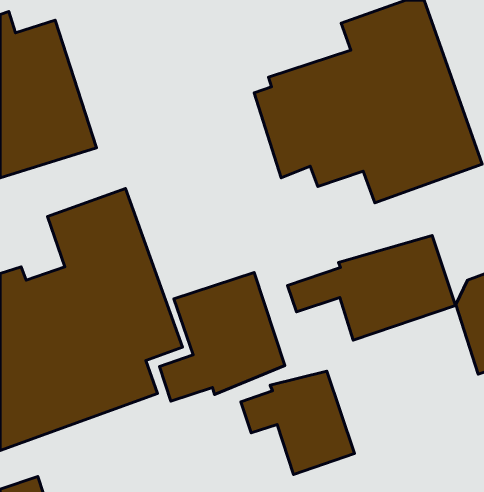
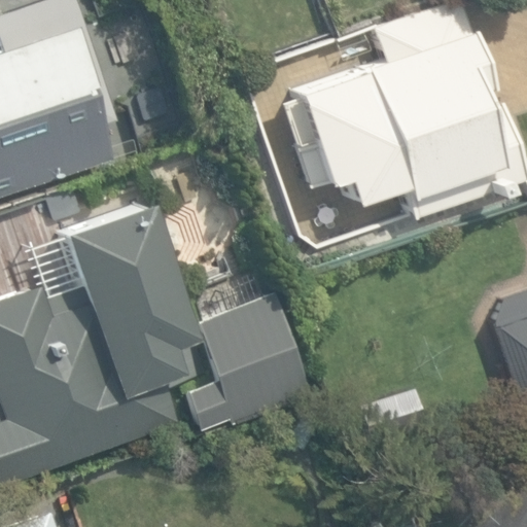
building: [288,235,456,340] -> none
building: [241,371,354,474] -> none

